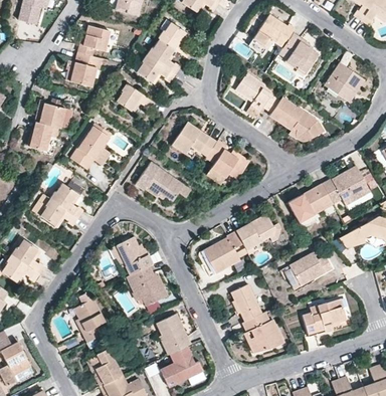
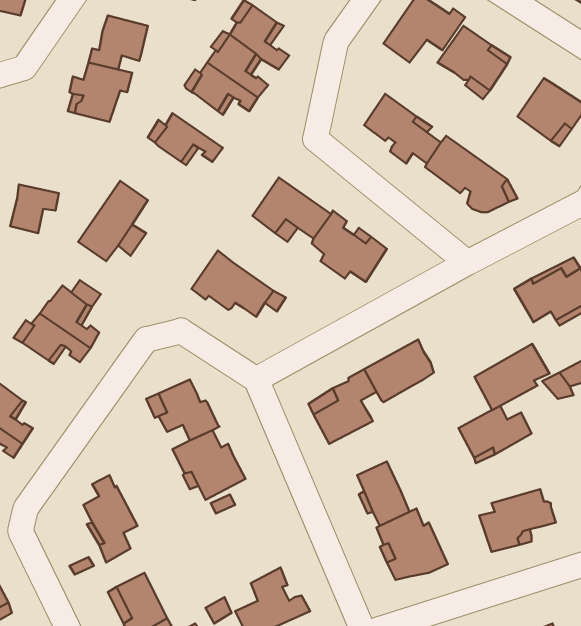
building: [36,105,66,131] -> none
building: [288,185,332,223] -> [475,344,550,410]
building: [157,314,190,355] -> none

